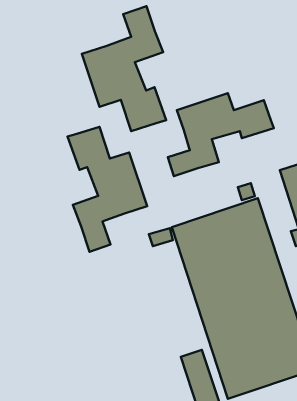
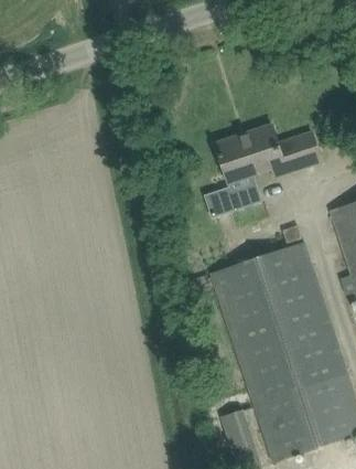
building: [82,6,166,131] -> none
building: [68,127,147,252] -> none

